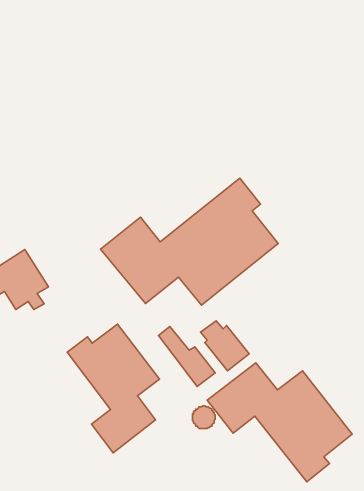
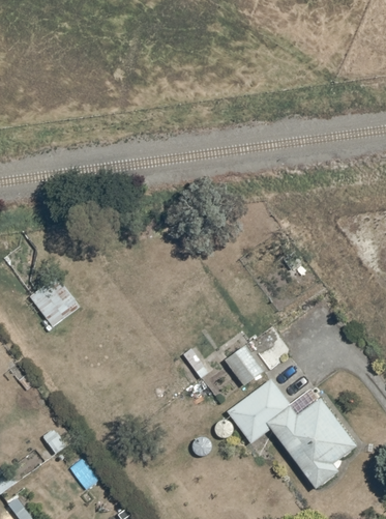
building: [100,178,278,305] -> none
building: [67,324,159,453] -> none

